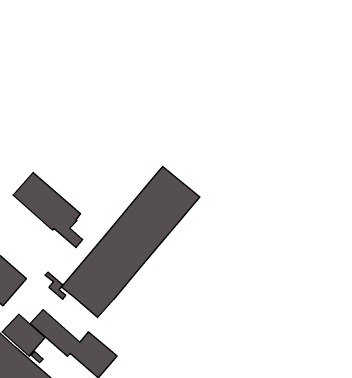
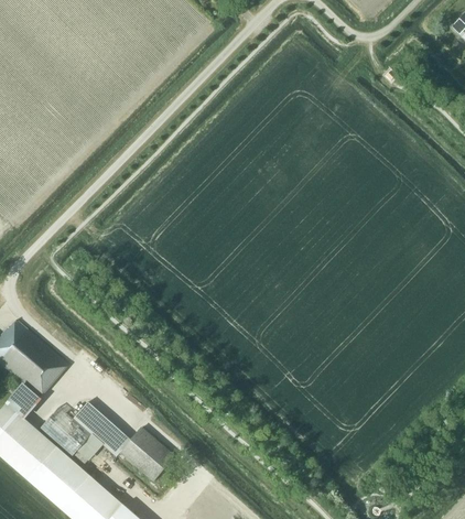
building: [62,167,200,318] -> none
building: [13,172,83,248] -> none

